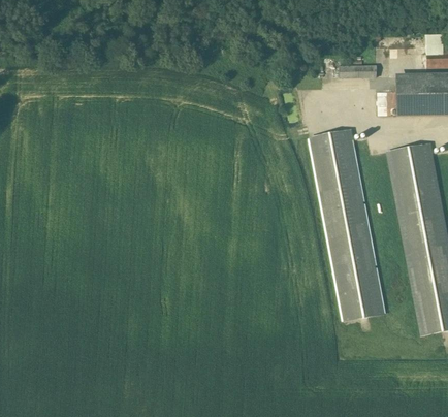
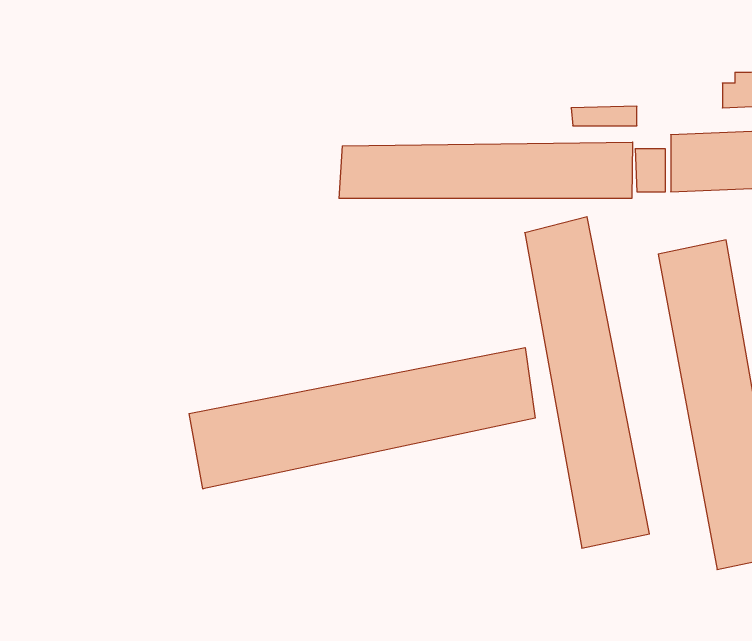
building: none -> [339,142,633,198]
building: none -> [189,348,535,489]

